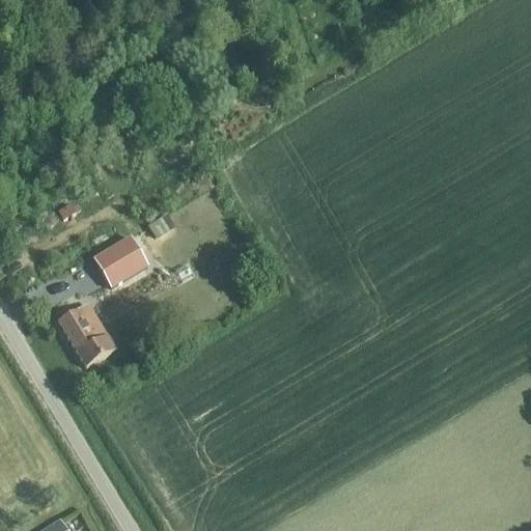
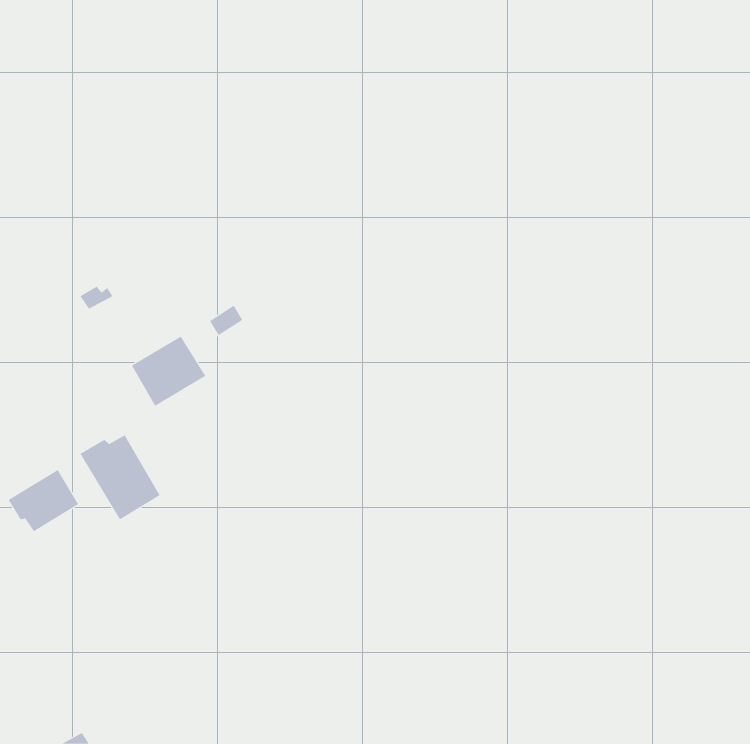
building: none -> [8,469,79,532]

